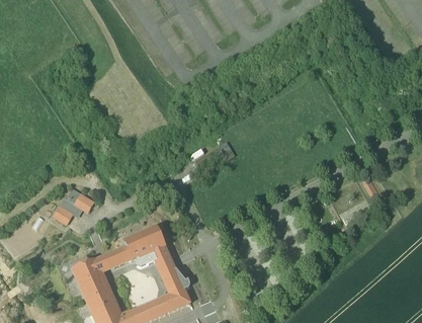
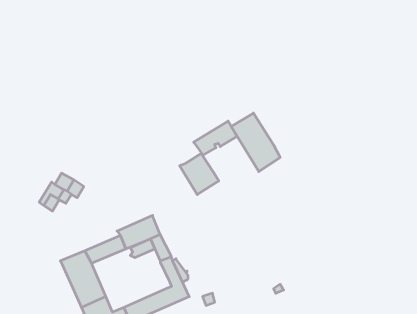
building: none -> [231,113,280,172]
building: none -> [180,153,219,195]

